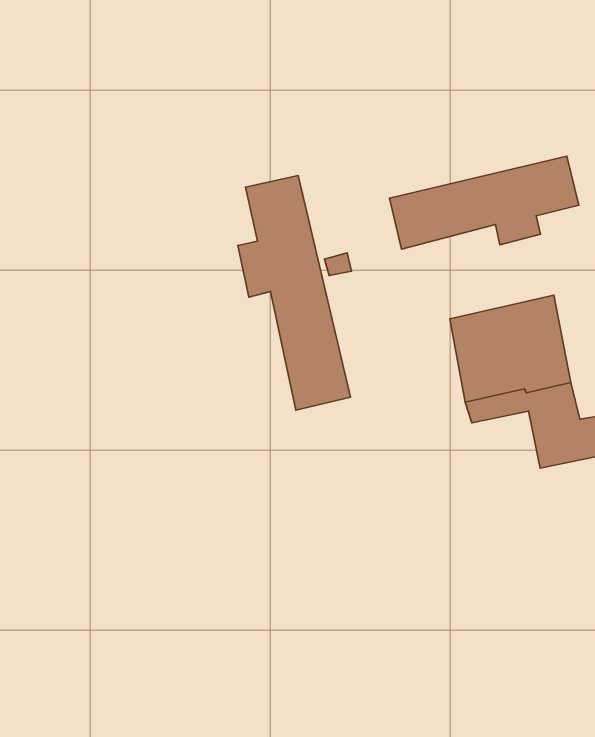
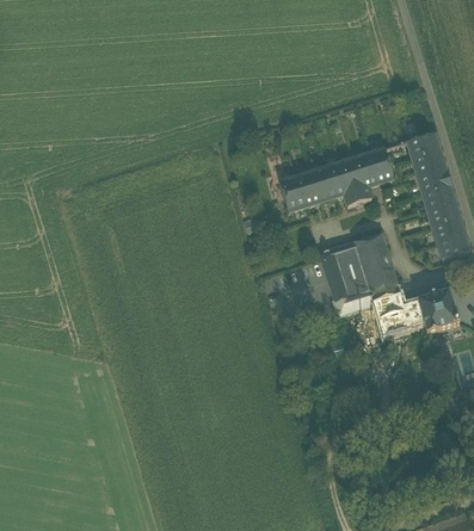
building: [238,176,350,410] -> none

